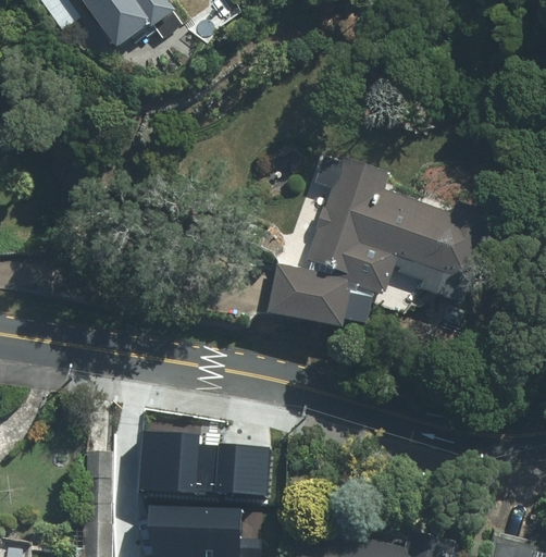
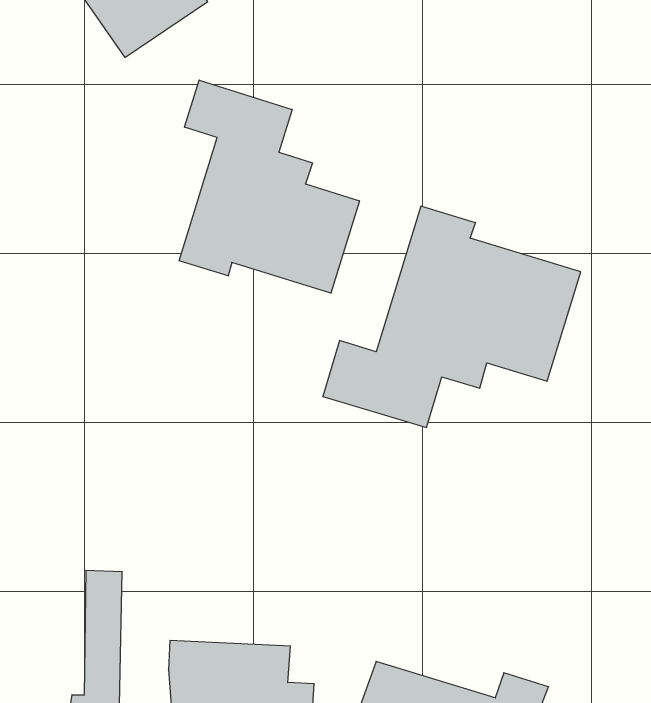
building: none -> [179,80,359,293]
building: [137,429,270,494] -> none

